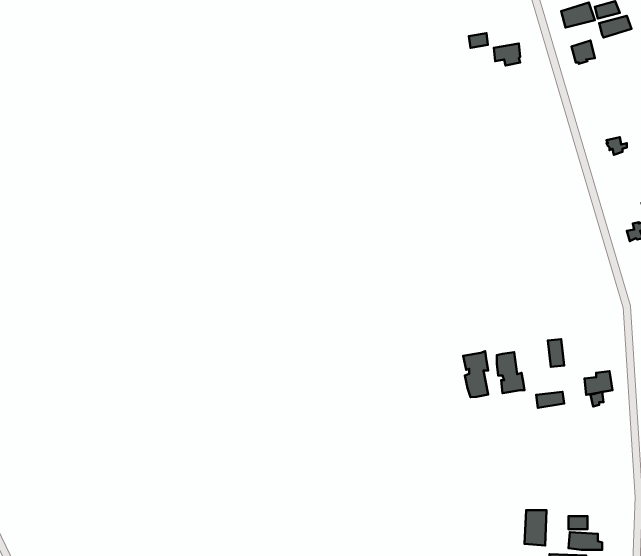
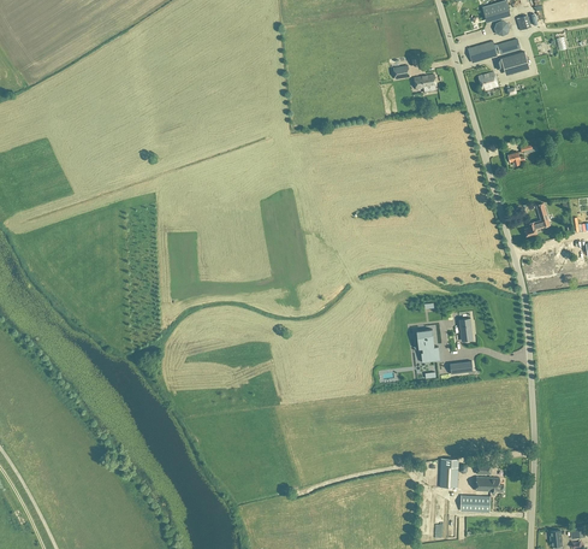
building: [463,351,488,397] -> none

